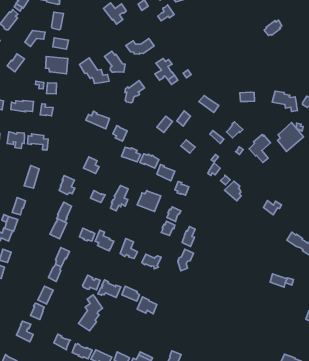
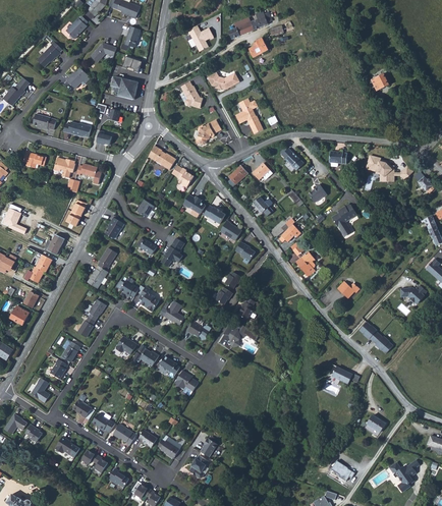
building: [79,58,109,84] -> none
building: [277,123,304,152] -> none
building: [137,191,161,212] -> none
building: [78,295,103,331] -> none

